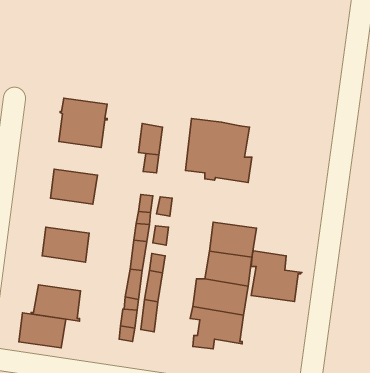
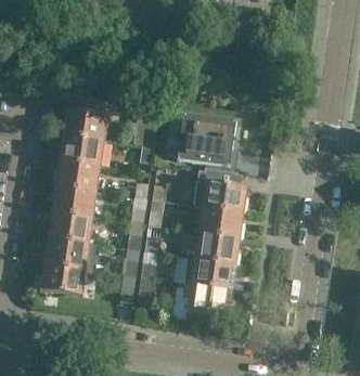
building: none -> [60,133,102,164]
building: none -> [52,184,94,216]
building: [251,251,302,302] -> [203,166,248,211]
building: [19,313,66,348] -> [46,236,88,268]

